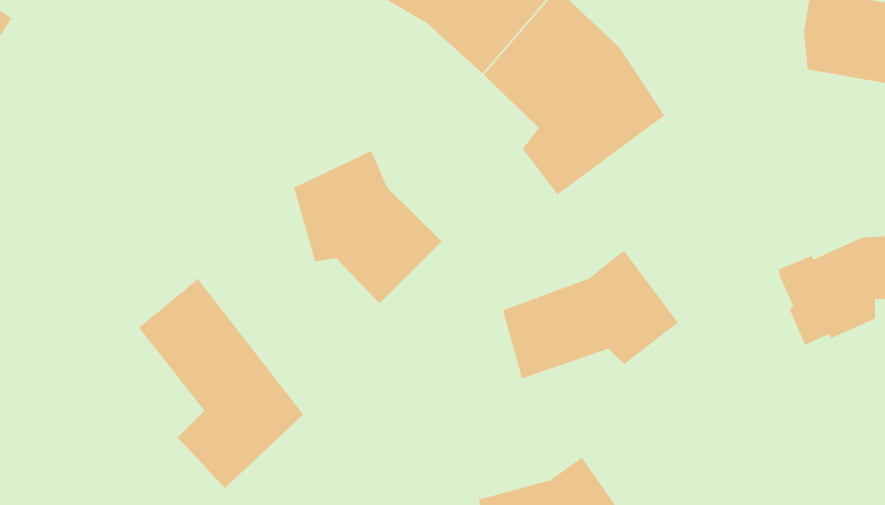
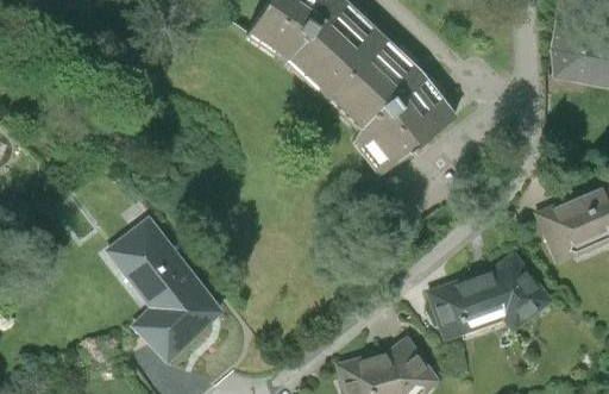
building: [294,150,443,304] -> none
building: [502,250,679,379] -> [427,256,546,343]

